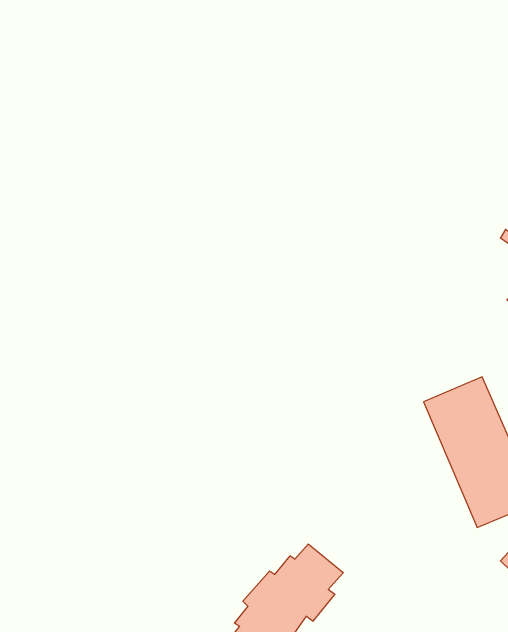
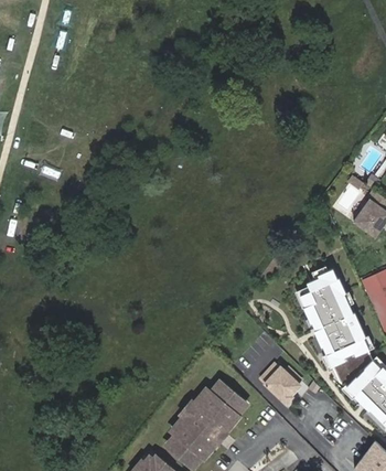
building: none -> [260,362,302,403]

